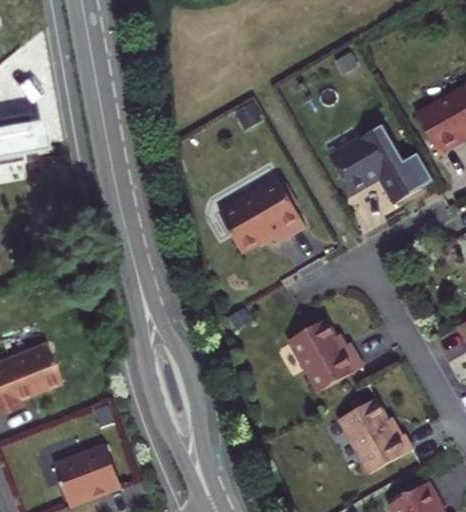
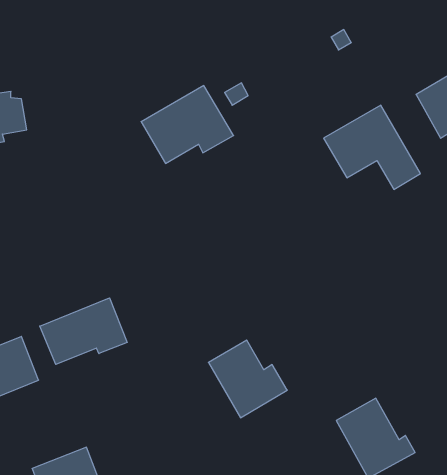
building: [219,179,306,252] -> [141,86,234,163]
building: none -> [40,298,127,364]
building: [290,320,364,393] -> [208,340,287,418]

